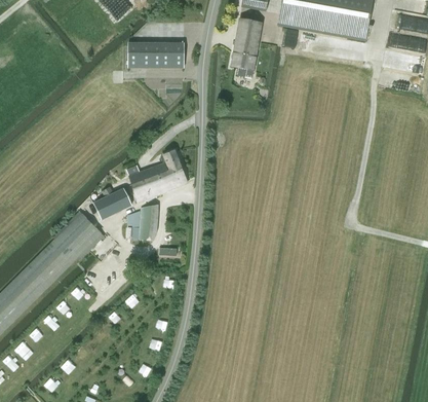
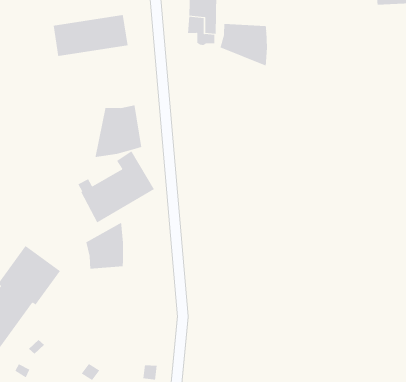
building: none -> [220,23,268,66]
building: none -> [95,105,142,158]
building: [94,185,131,218] -> none

